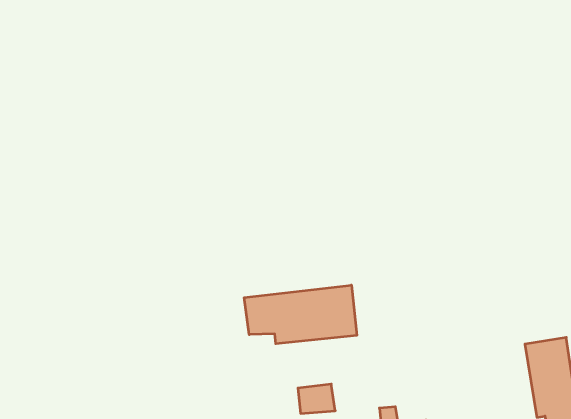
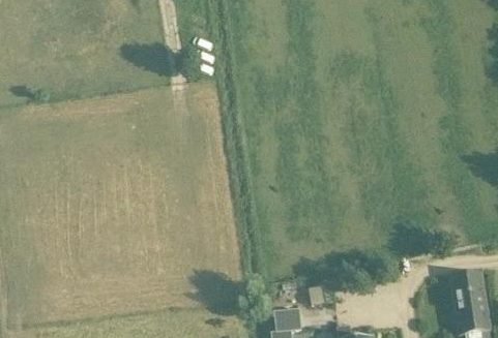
building: [244,285,357,344] -> none

